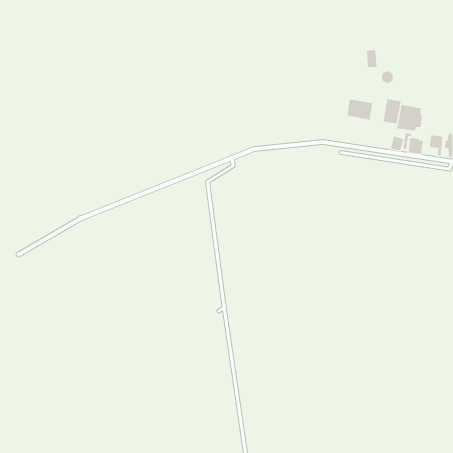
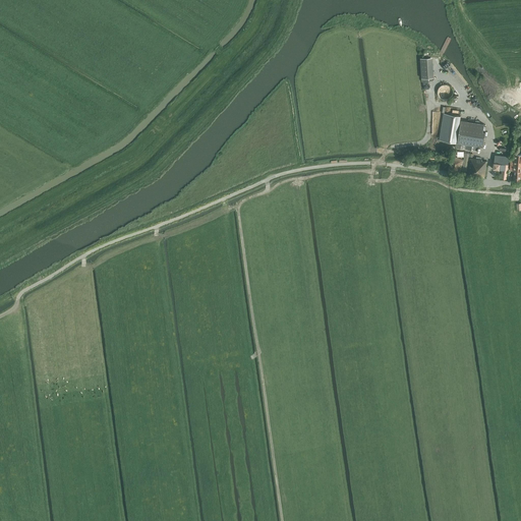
building: [347,99,373,121] -> none

